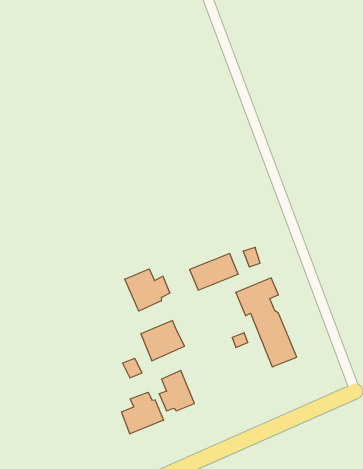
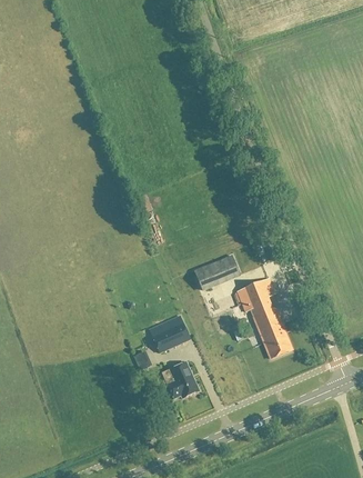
building: [125,269,170,311] -> none
building: [122,392,164,434] -> none

